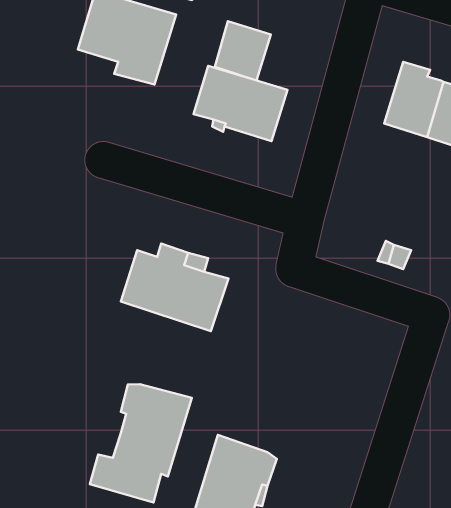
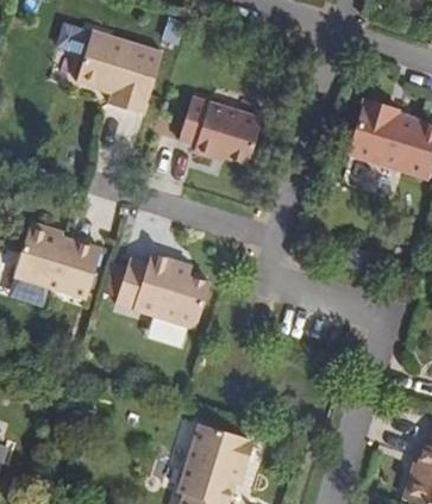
building: [215,21,271,80] -> none
building: none -> [12,224,100,299]
building: [90,384,192,502] -> none

